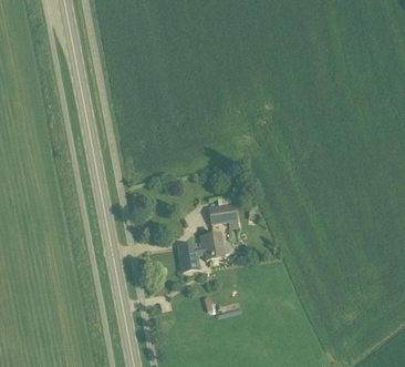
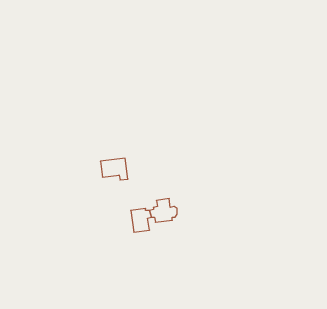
building: [207,202,238,226] -> [100,158,128,180]

